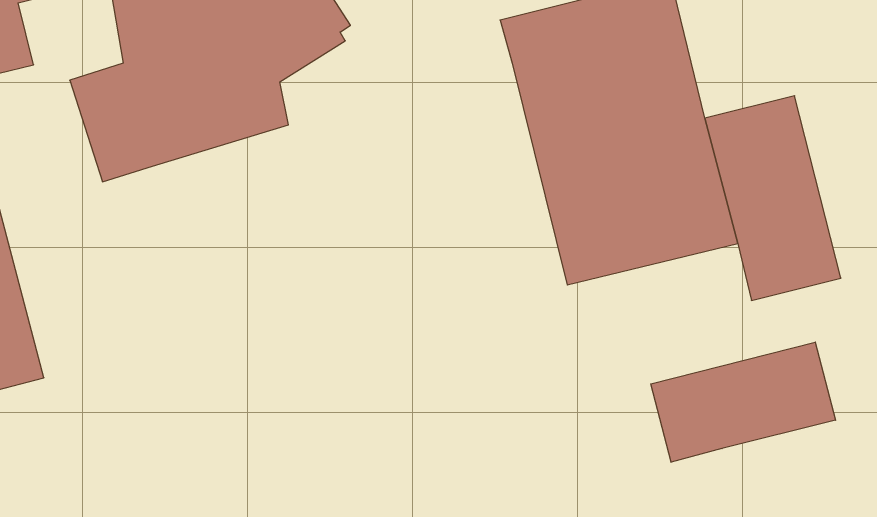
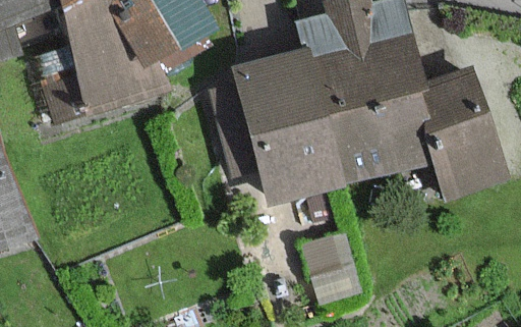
building: none -> [234,50,336,199]
building: [651,342,836,462] -> none

